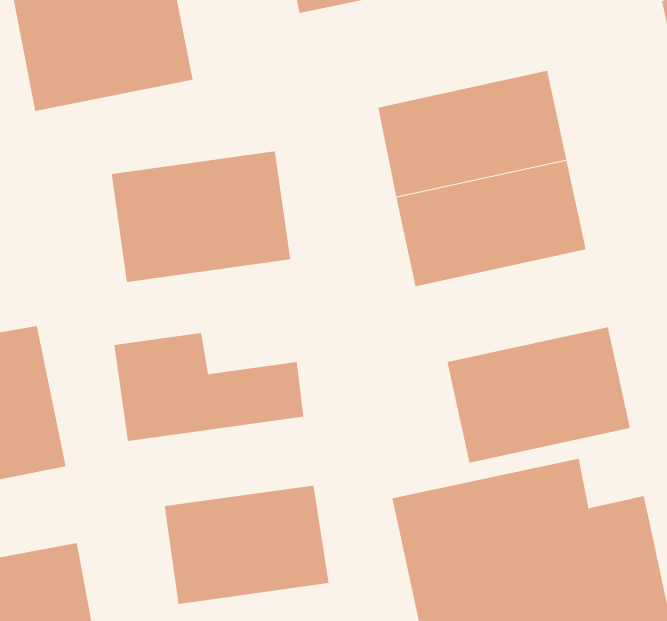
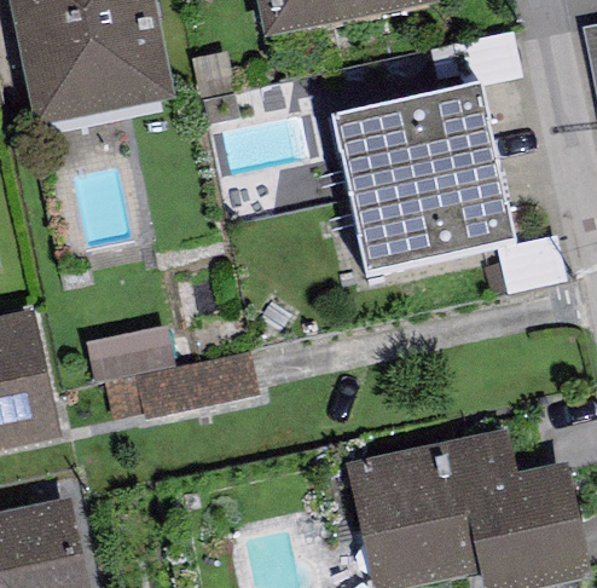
building: [111,151,291,283] -> none
building: [447,326,630,464] -> none
building: [164,485,329,605] -> none

